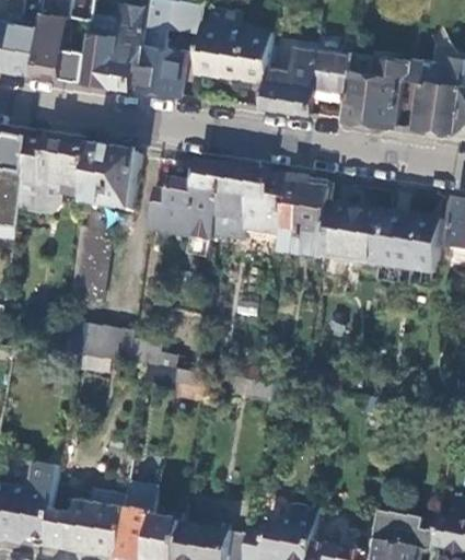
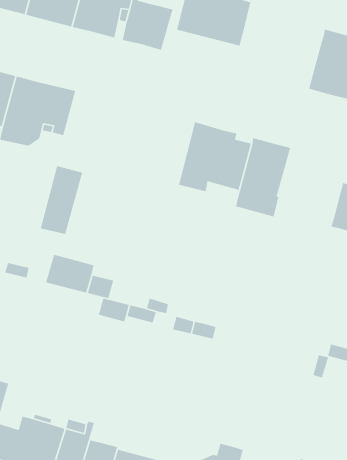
building: [260,46,351,113] -> none
building: [85,147,140,210] -> none
building: [149,162,224,241] -> none
building: [323,203,390,261] -> none

